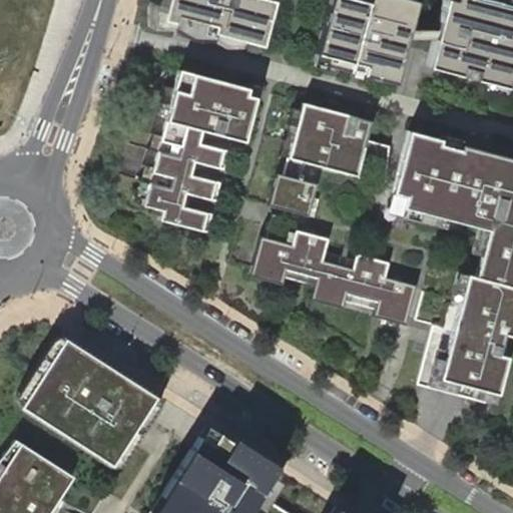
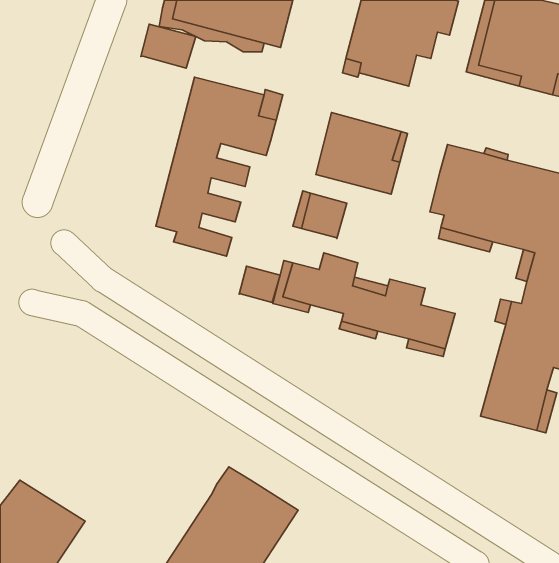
building: none -> [141,24,196,68]
building: [376,30,413,85] -> none
building: none -> [239,266,280,303]
building: [23,337,164,464] -> none

